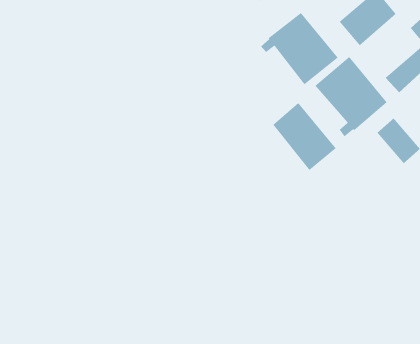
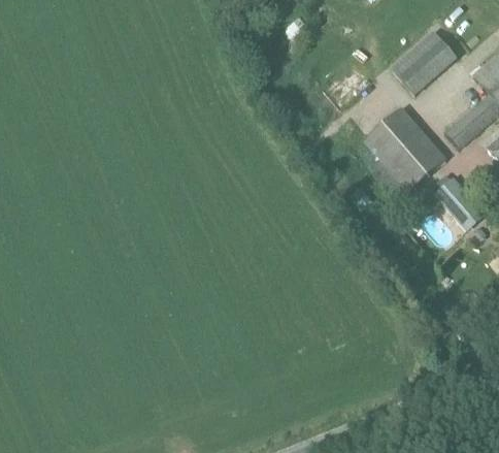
building: [260,12,339,85] -> none
building: [272,102,337,171] -> none

